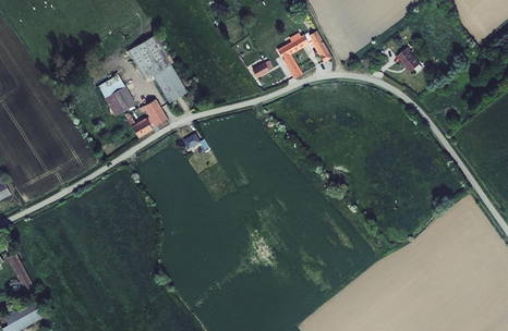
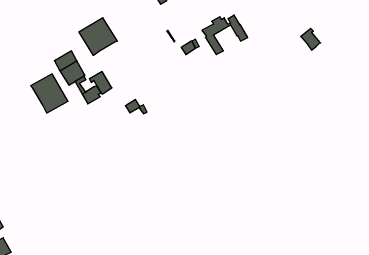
building: [152,63,188,102] -> none
building: none -> [31,74,68,113]

